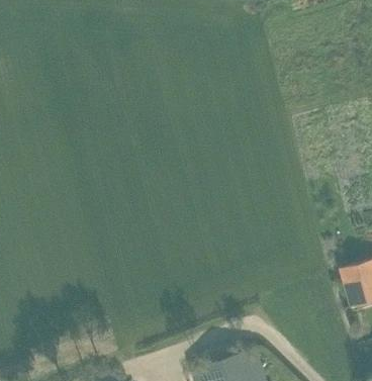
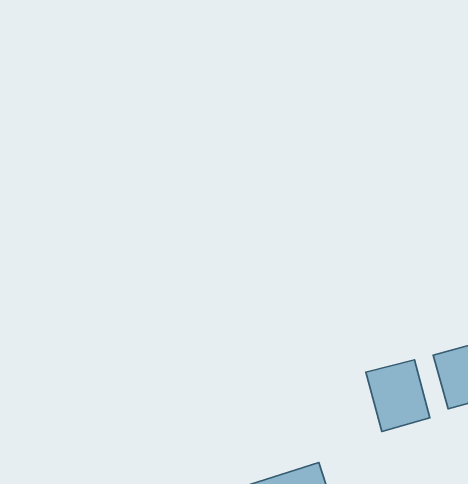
building: none -> [366,360,430,432]

